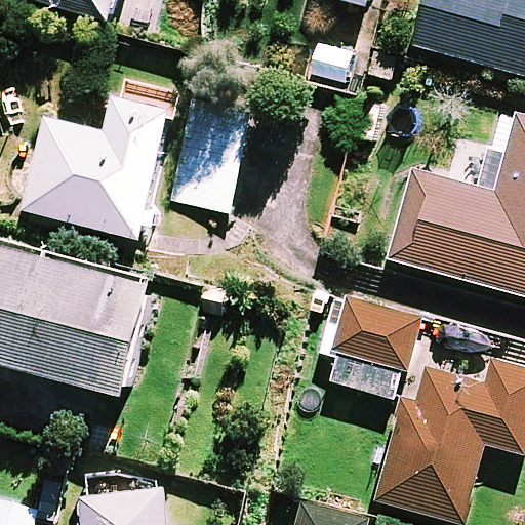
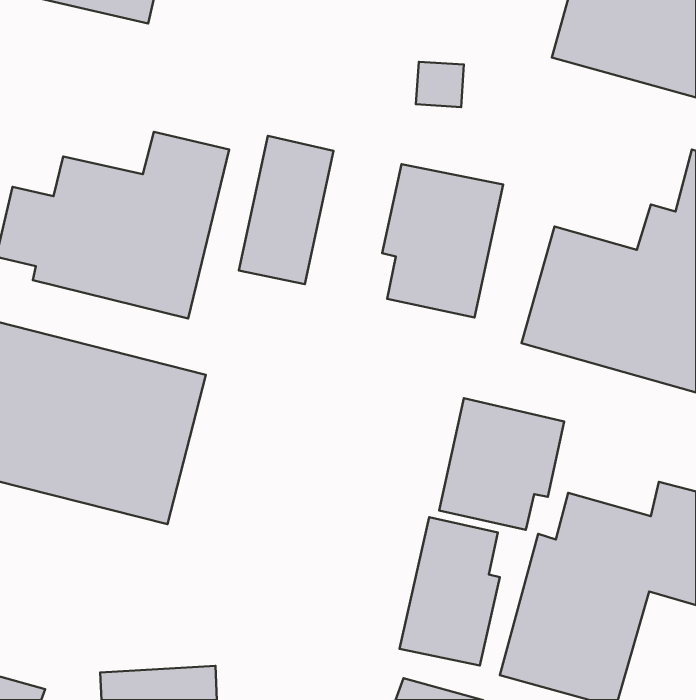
building: none -> [382,164,503,317]
building: none -> [400,517,500,665]

